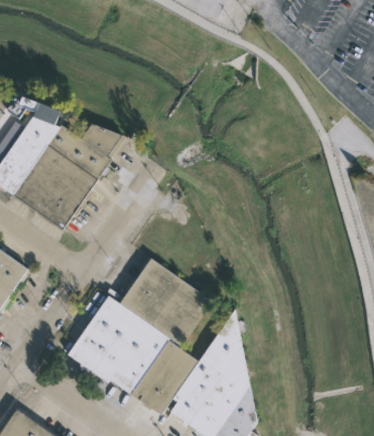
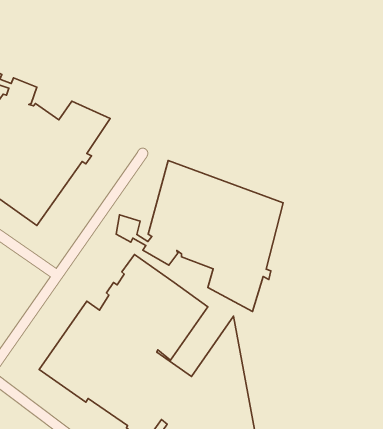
building: none -> [116,161,283,311]

